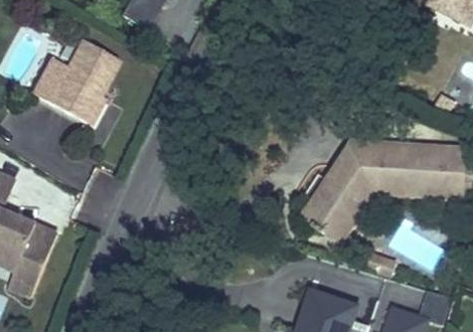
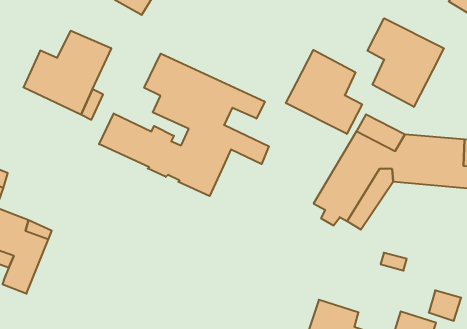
building: none -> [367,18,444,107]
building: none -> [286,50,362,134]
building: none -> [99,54,269,196]

